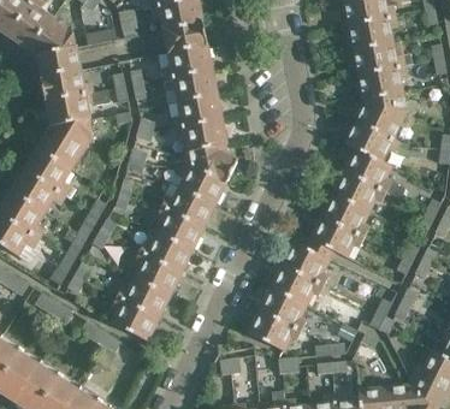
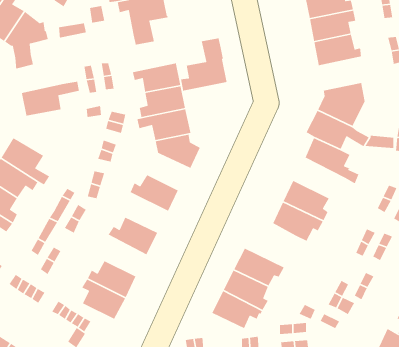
building: [161,24,211,81] -> [180,38,227,92]
building: [39,47,93,102] -> none
building: [359,65,407,100] -> none
building: [40,120,94,168] -> none
building: [177,165,224,204] -> none
building: [332,171,386,213] -> none
building: [156,207,202,249] -> none
building: [282,239,334,285] -> none
building: [134,251,179,295] -> none

